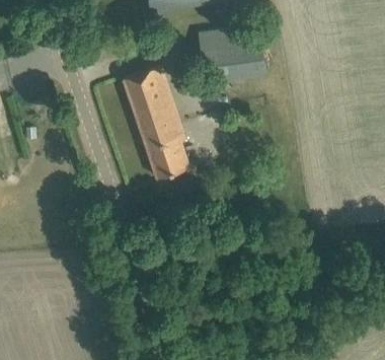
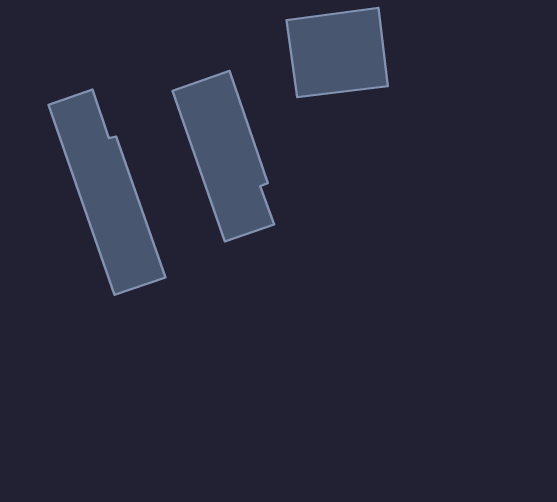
building: none -> [48,90,165,295]

